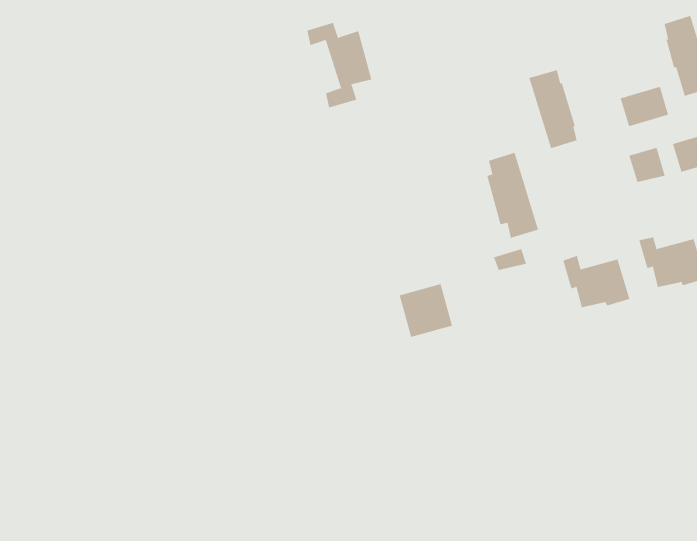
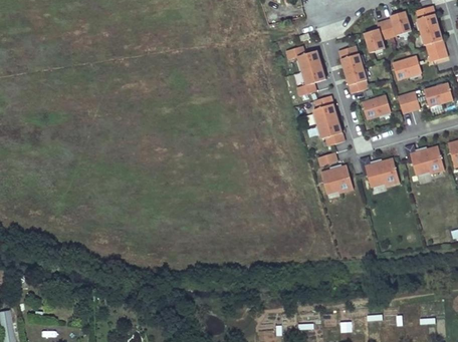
building: none -> [365,13,408,53]
building: [306,22,372,108] -> [286,45,325,96]
building: none -> [362,95,391,119]
building: [399,283,453,338] -> [320,164,353,197]

